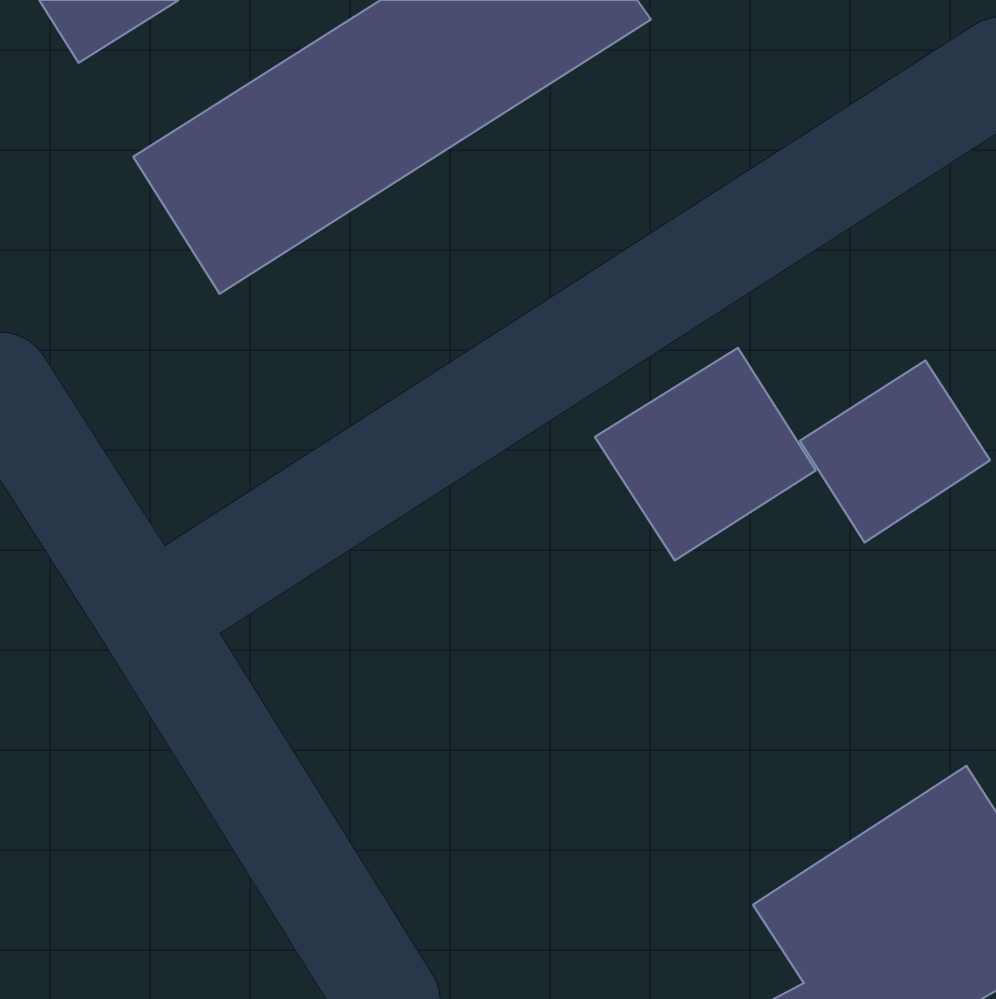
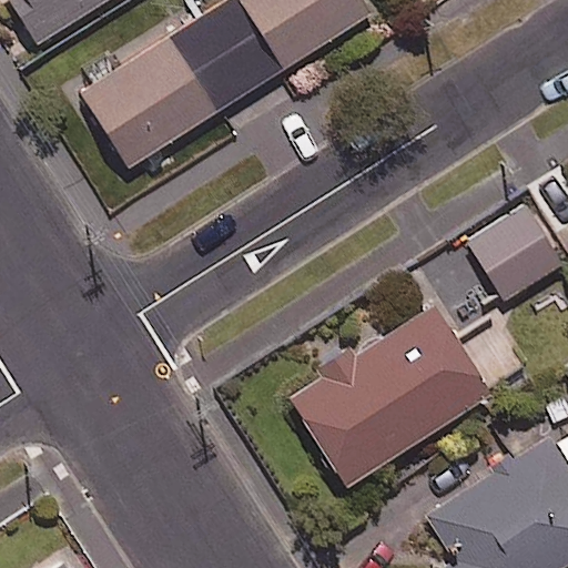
building: [595,348,816,561] -> none
building: none -> [286,305,491,485]

